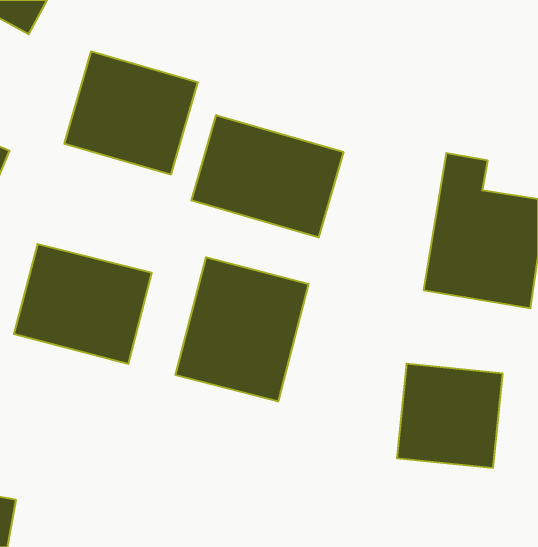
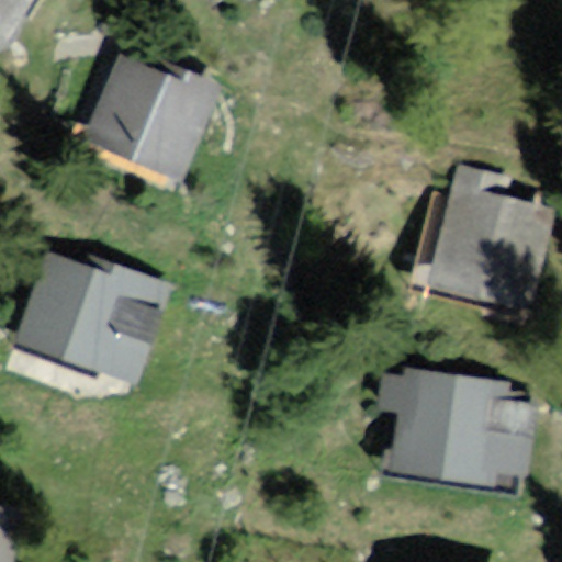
building: [191,115,343,238] -> none
building: [176,257,309,402] -> none

